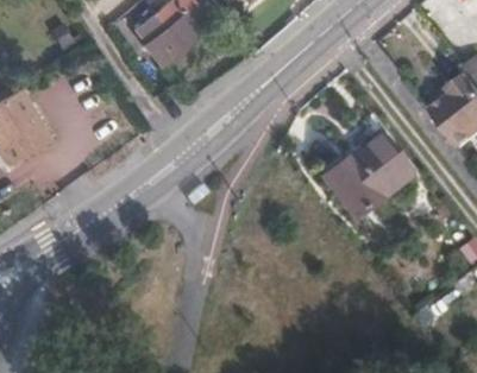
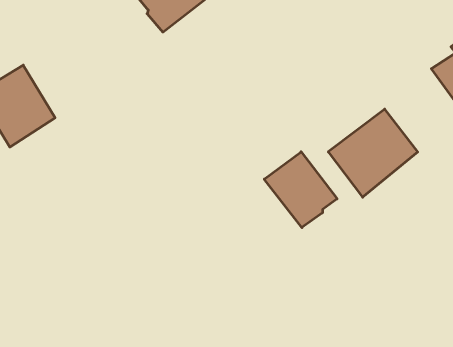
building: none -> [264,152,337,228]

